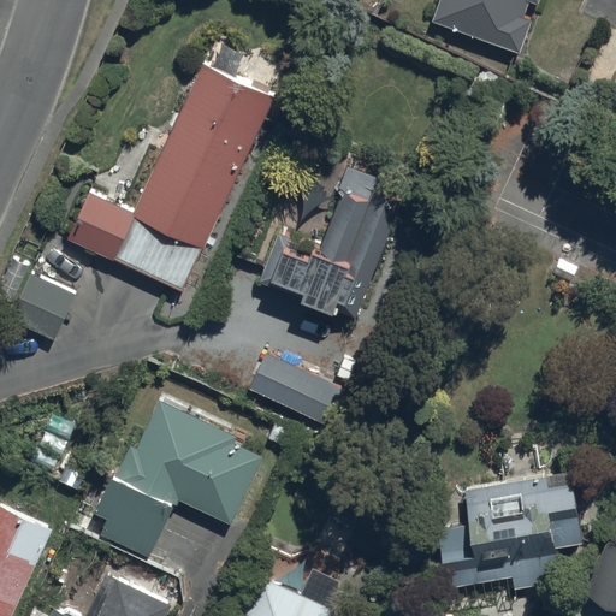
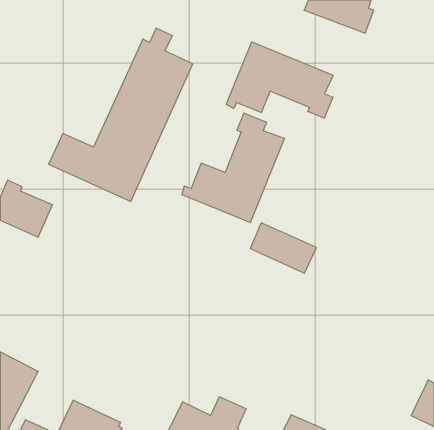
building: none -> [226,42,333,118]
building: [249,354,343,425] -> [250,223,316,273]
building: [93,401,261,558] -> none
building: [436,470,584,592] -> none

